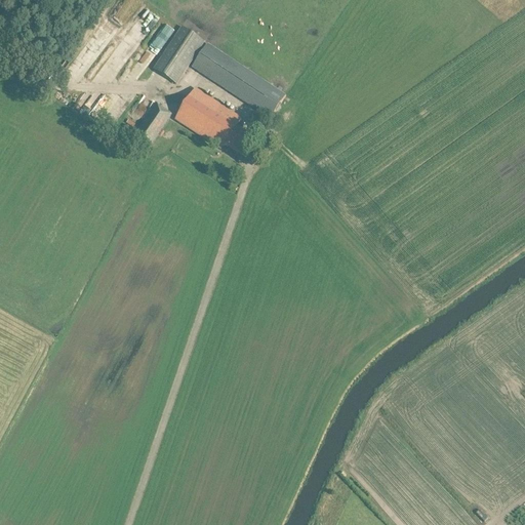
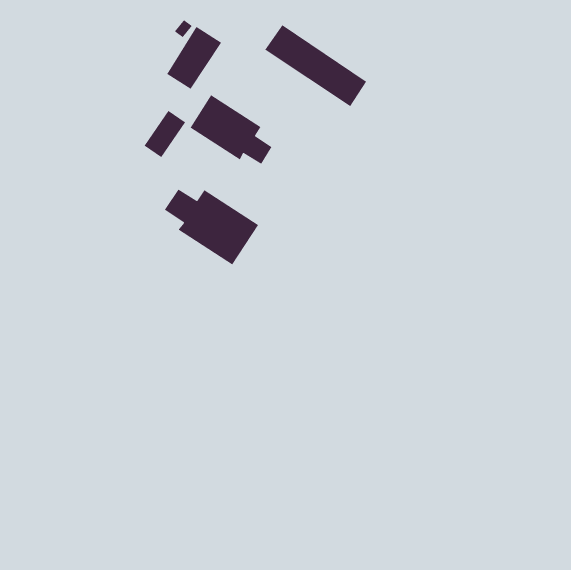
building: [190,41,284,117] -> [264,24,367,107]
building: none -> [164,188,259,265]

